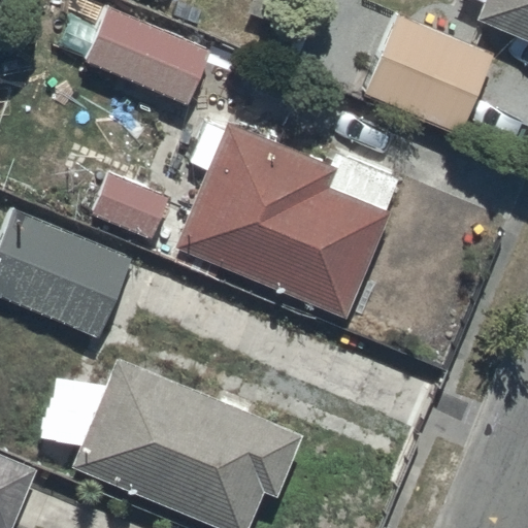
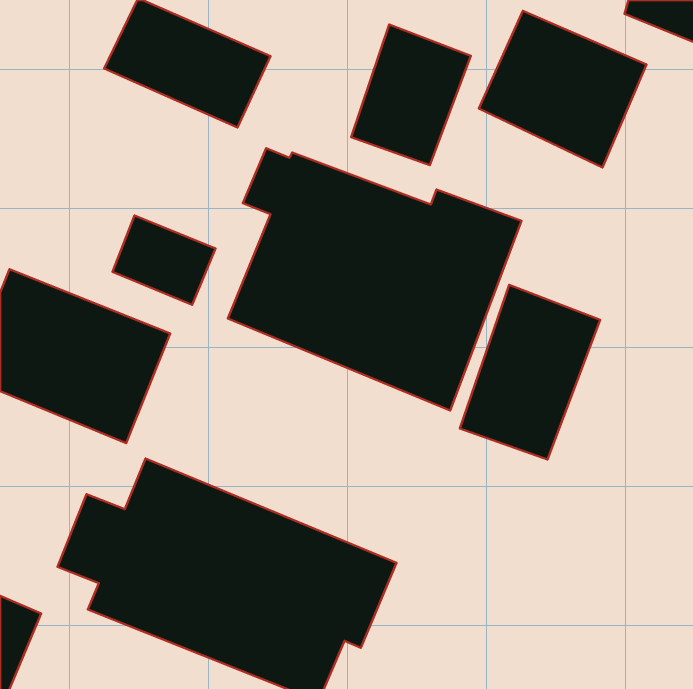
building: none -> [351,25,471,165]
building: none -> [460,285,600,460]

